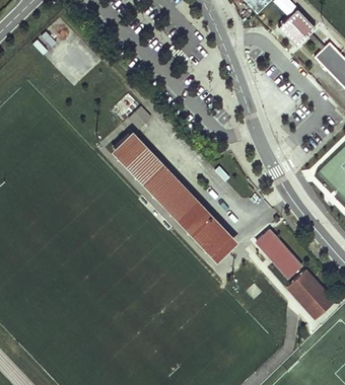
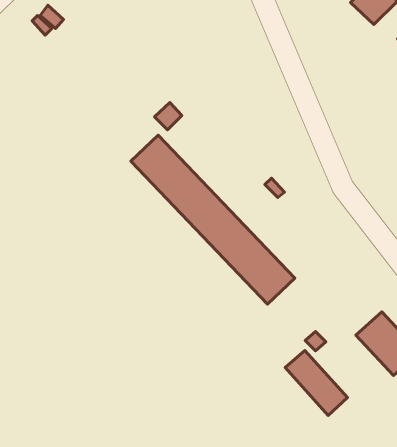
building: [255,230,303,281] -> [285,351,348,416]

